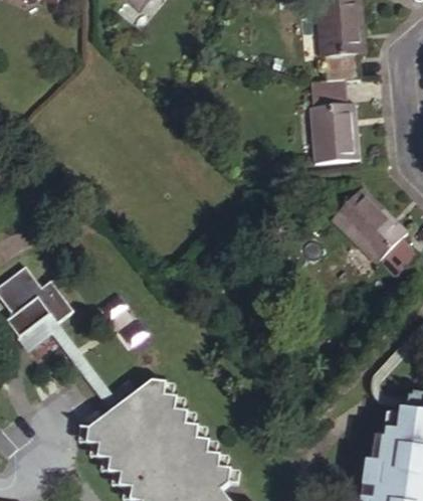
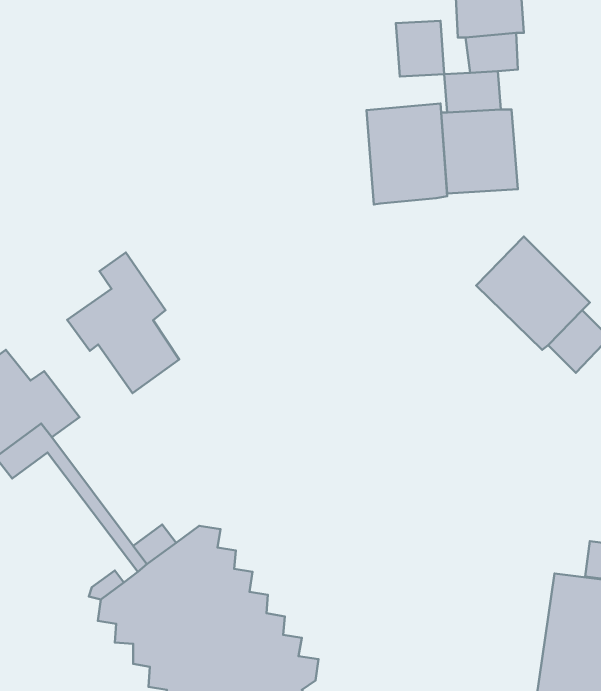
building: none -> [396,21,444,76]
building: none -> [367,104,447,204]
building: none -> [67,252,179,393]

